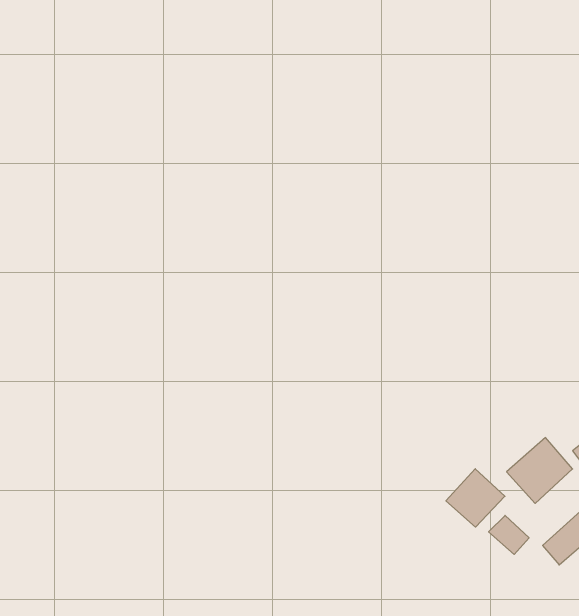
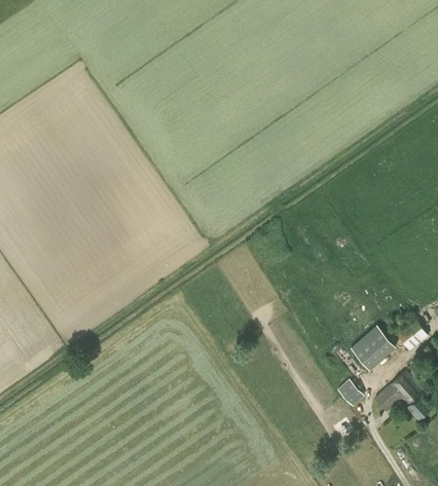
building: [446,469,505,527] -> none

